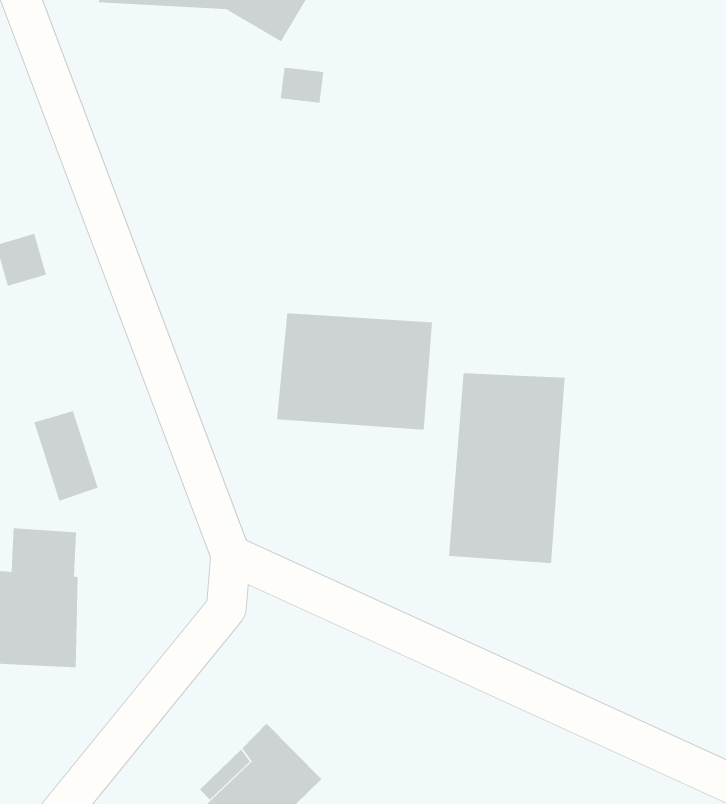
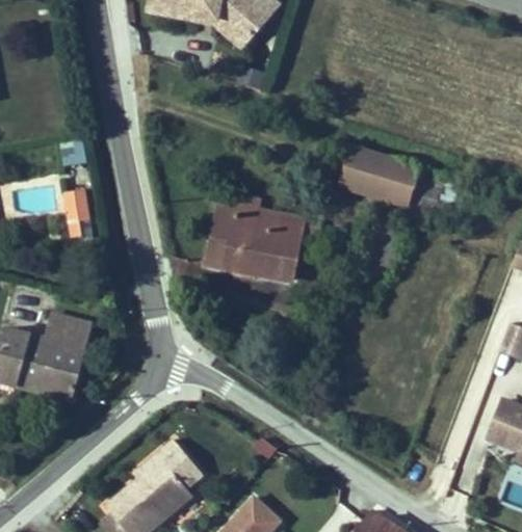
building: none -> [337,149,448,215]
building: [448,373,565,564] -> none
building: [34,411,98,501] -> [63,187,95,238]

